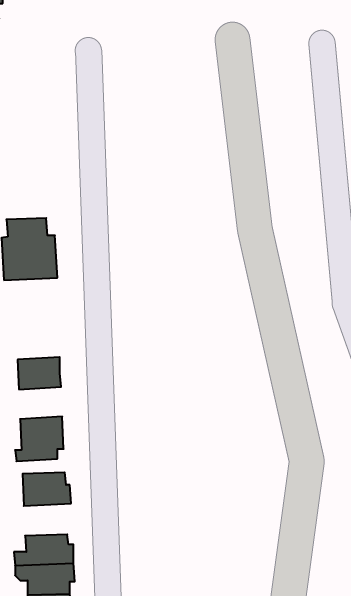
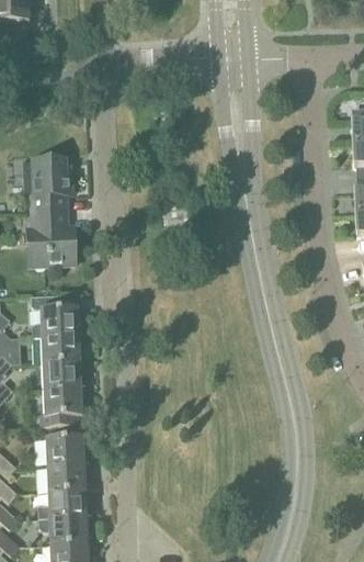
building: none -> [31,158,72,213]
building: none -> [30,296,78,337]
building: none -> [42,361,80,390]
building: none -> [46,464,89,493]

